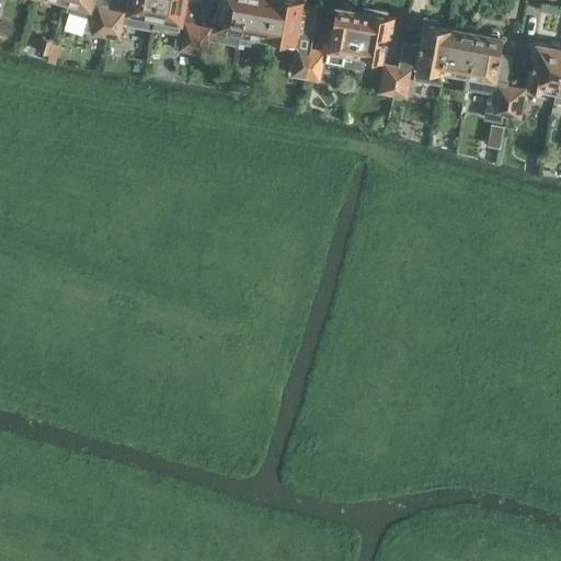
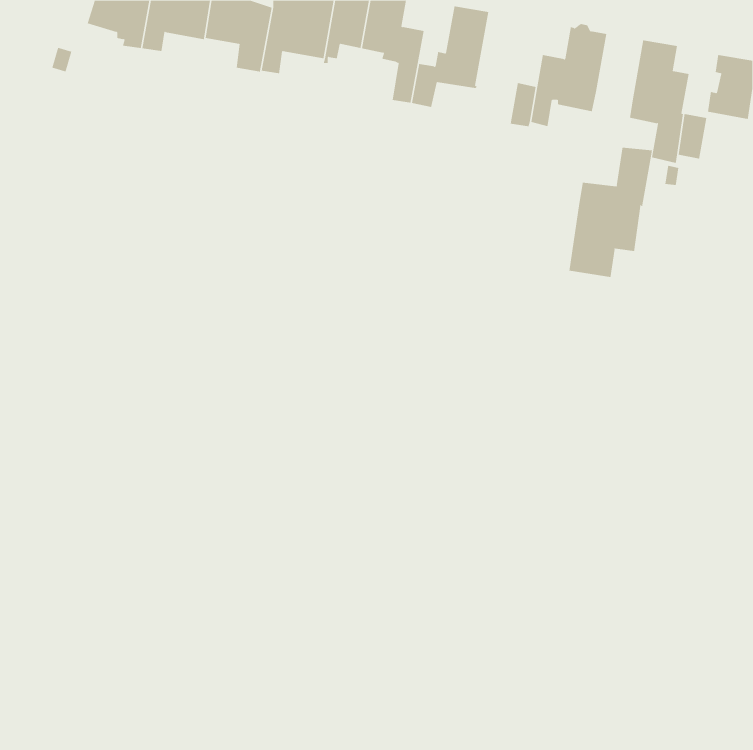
building: [354,9,397,68] -> none
building: [444,27,478,76] -> none
building: none -> [569,147,653,278]

